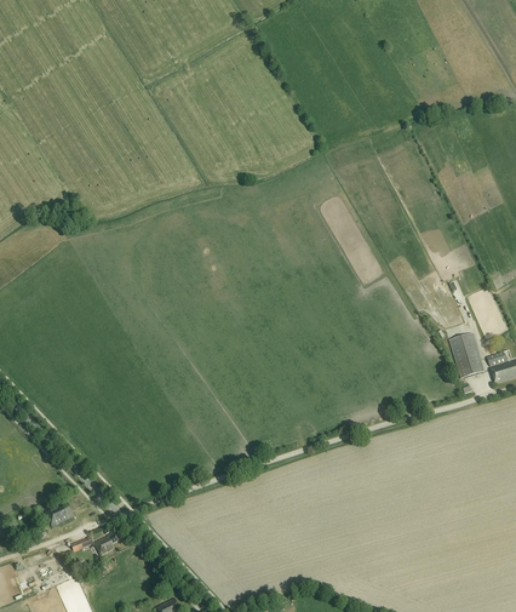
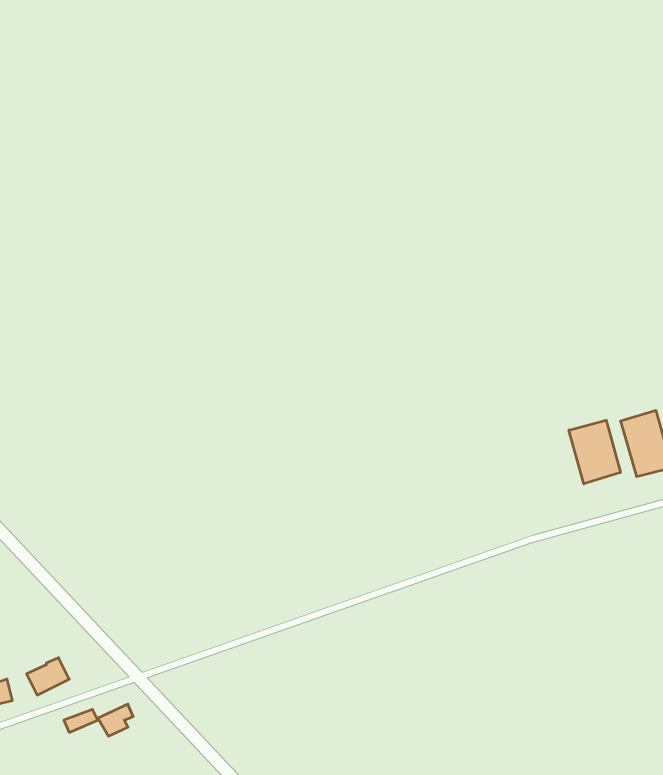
building: none -> [569,420,620,484]

